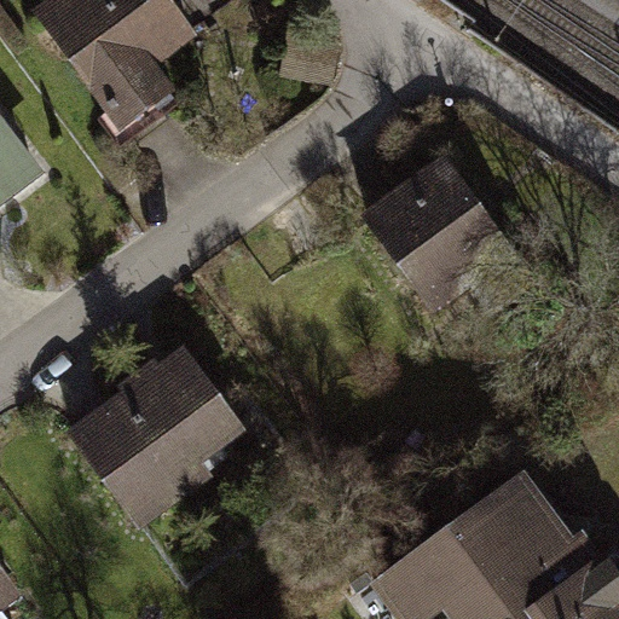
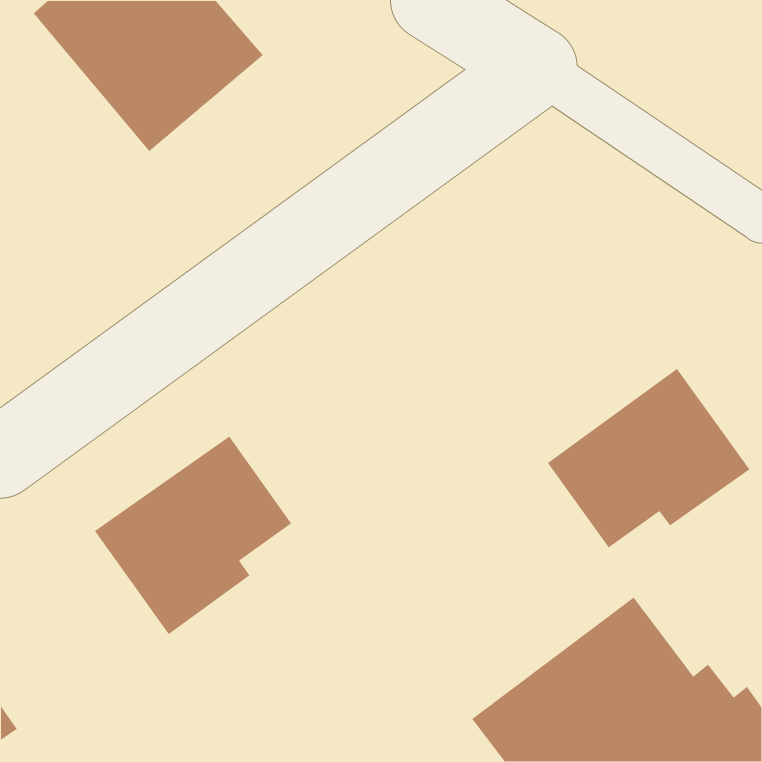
building: [368,156,508,302] -> none
building: none -> [547,368,750,549]

